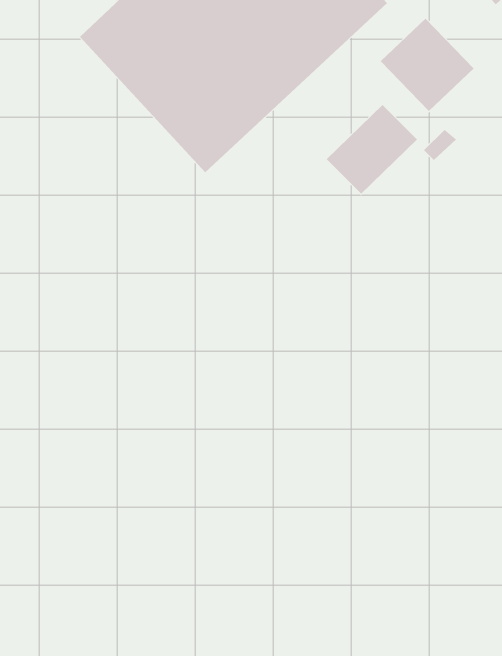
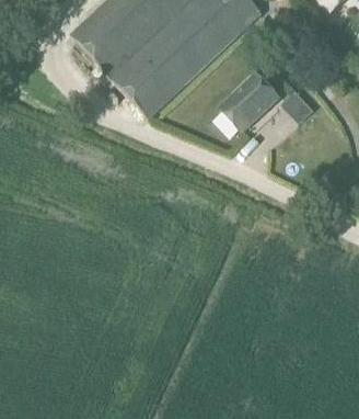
building: [380,18,475,112] -> none

